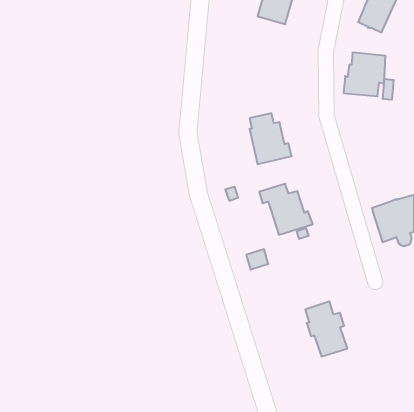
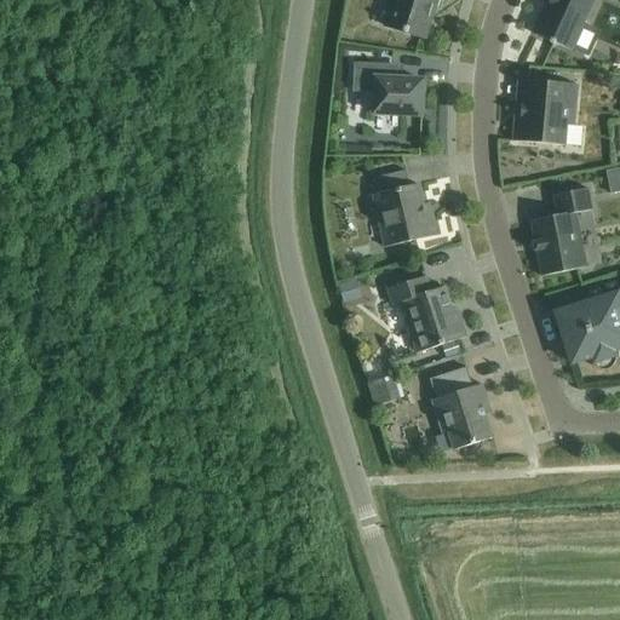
building: none -> [352,61,423,114]
building: none -> [530,188,592,275]
building: [305,301,347,356] -> [430,366,493,448]

